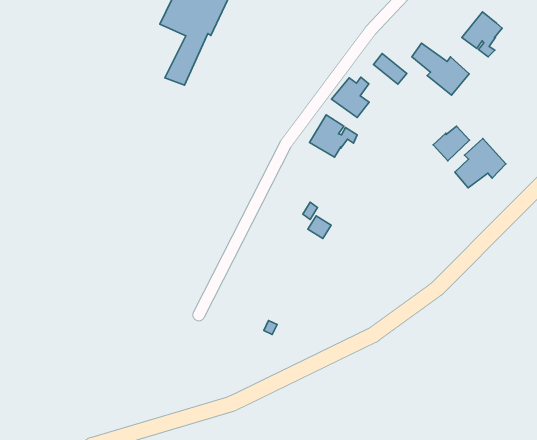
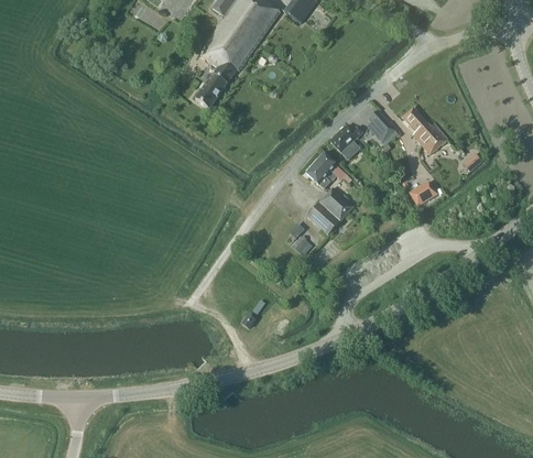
building: [462,12,502,57] -> none
building: [455,139,506,188] -> none
building: none -> [307,188,353,235]

